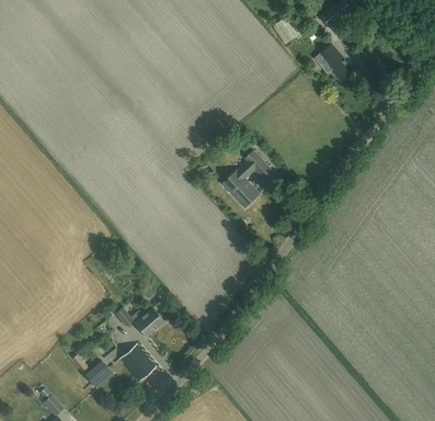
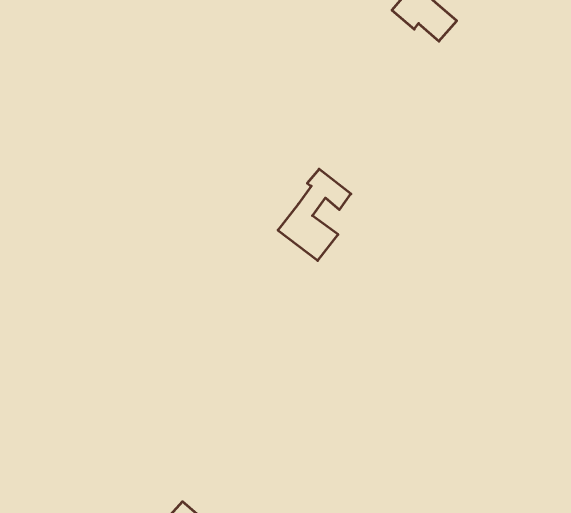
building: [115,308,163,335] -> none

